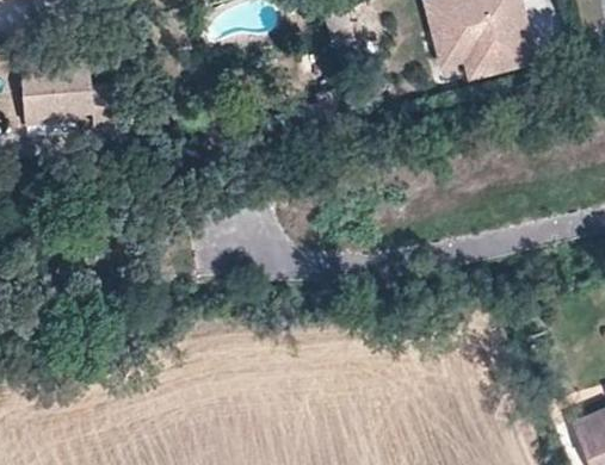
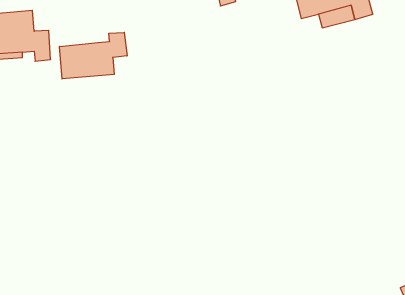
building: none -> [60,32,127,79]

